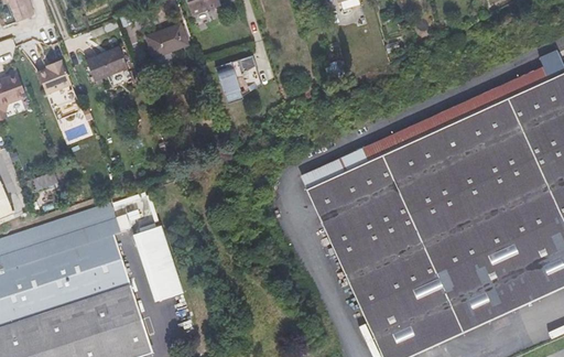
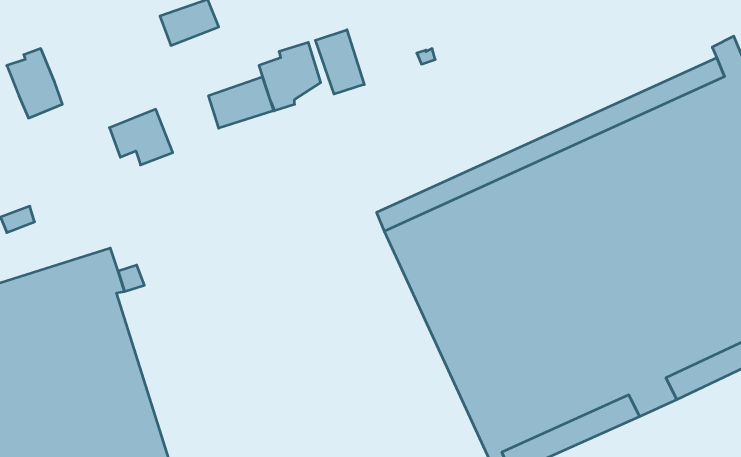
building: none -> [315,30,364,94]
building: [86,47,131,87] -> [109,109,173,165]
building: none -> [209,77,274,128]
building: [133,226,183,302] -> none

